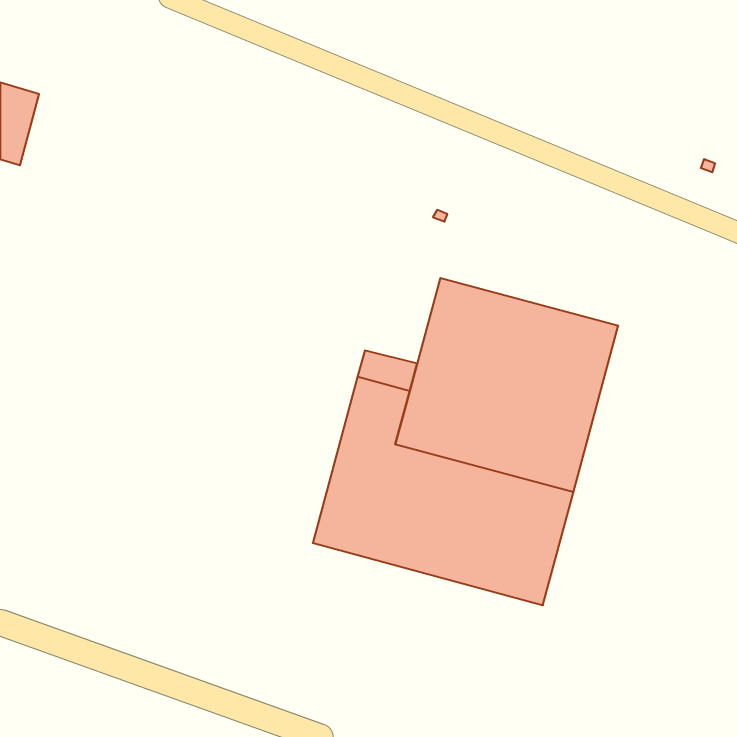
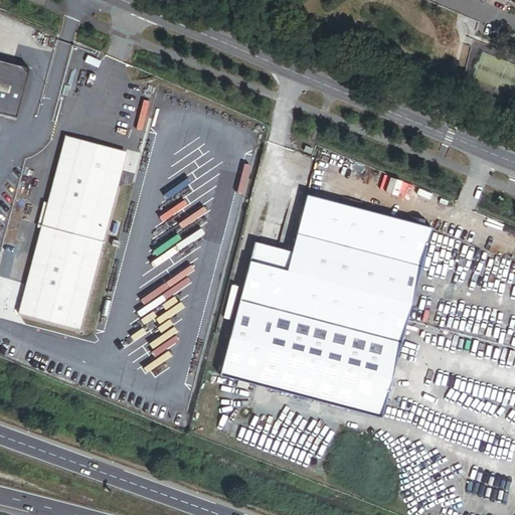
building: none -> [19,135,128,325]

